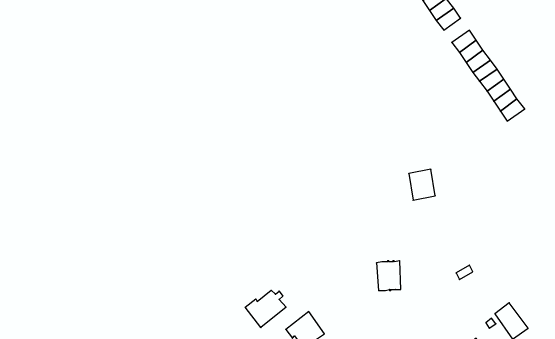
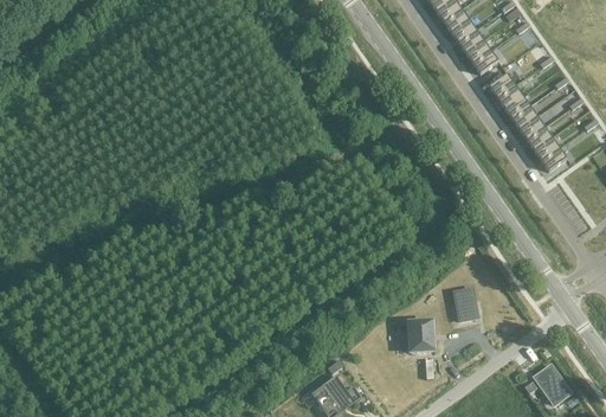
building: [409,169,435,200] -> [453,287,482,320]
building: [245,290,286,328] -> none

